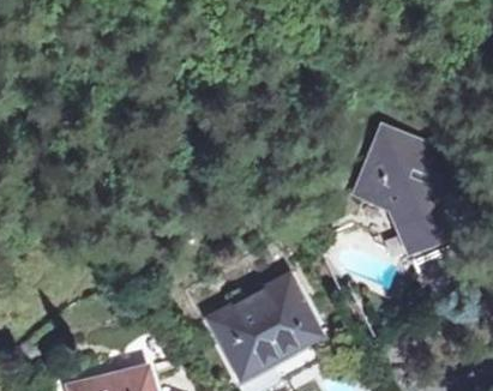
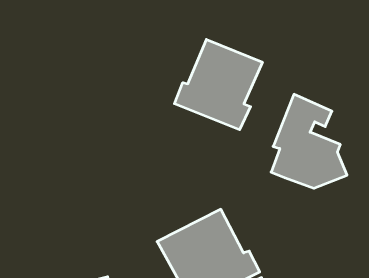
building: none -> [174,39,262,130]

